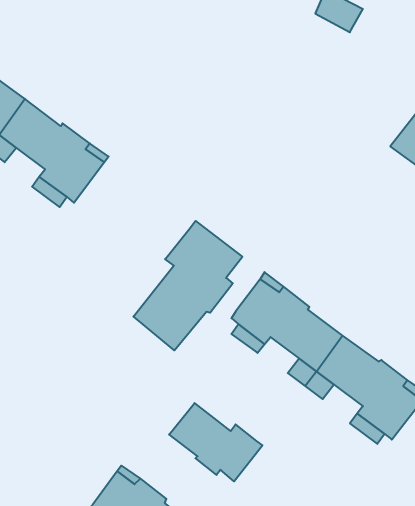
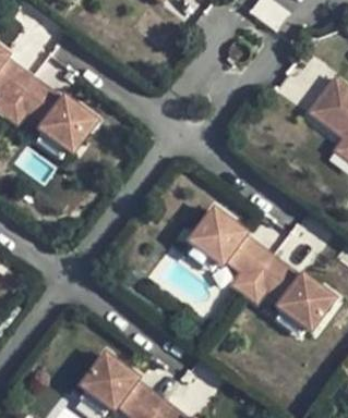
building: [133,221,242,350] -> none
building: [169,403,262,481] -> none

